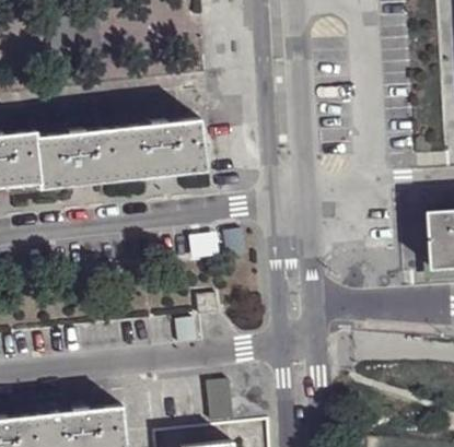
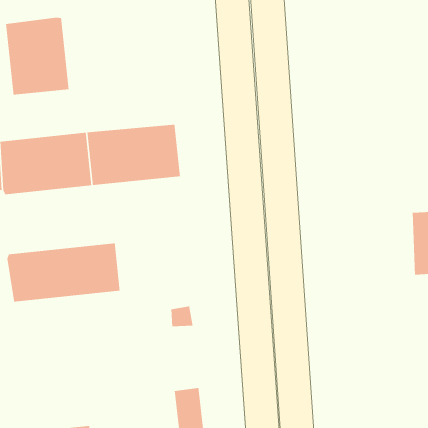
building: none -> [5,17,69,96]
building: none -> [7,243,120,302]

